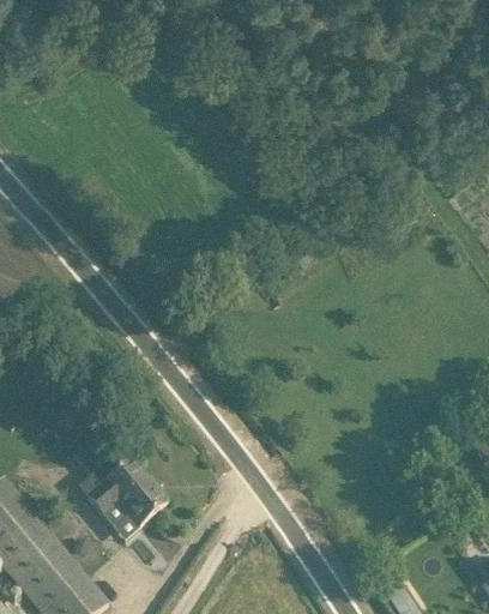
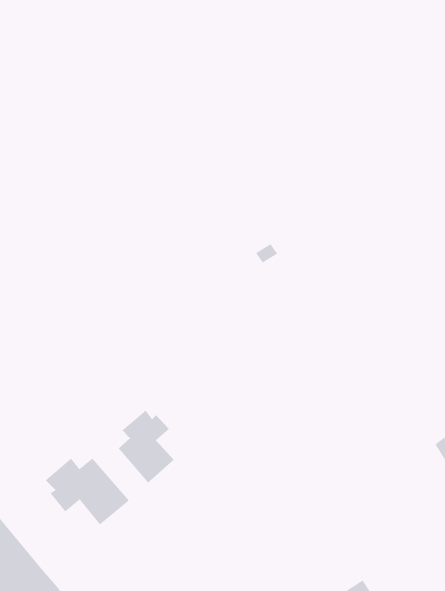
building: none -> [118,409,175,484]

